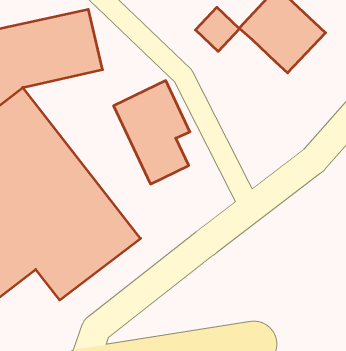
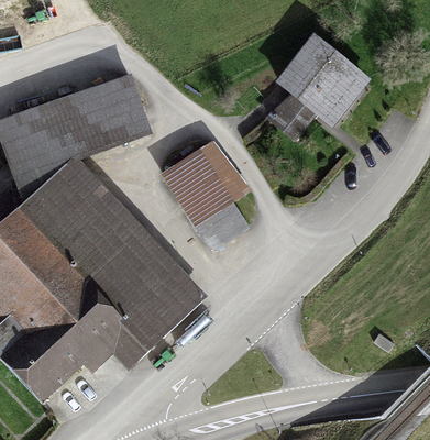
building: [195,7,240,51] -> [274,90,317,133]

